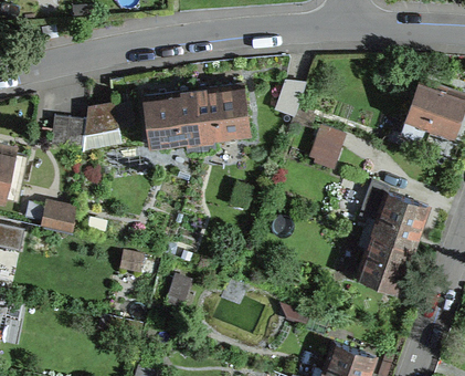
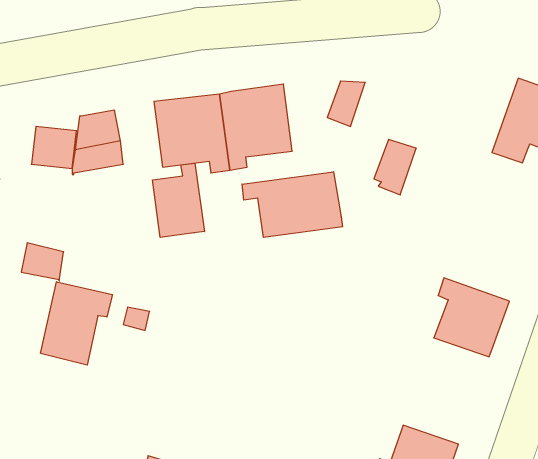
building: none -> [153,163,204,237]
building: none -> [242,172,343,237]
building: [359,182,427,250] -> none
building: none -> [41,282,112,365]

